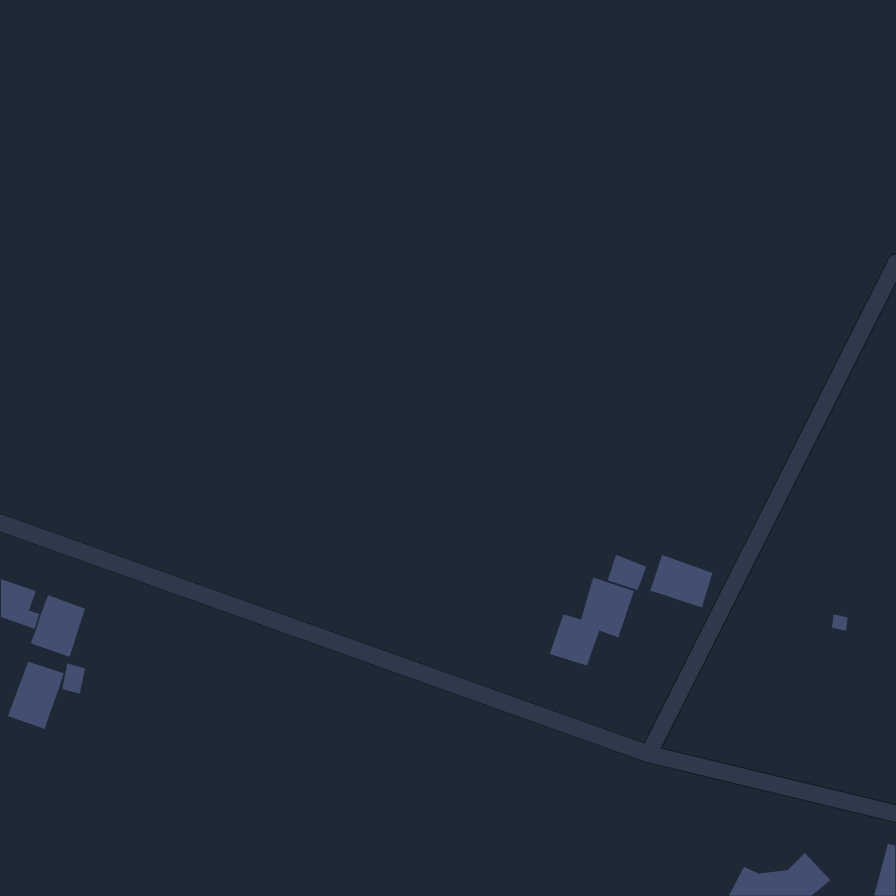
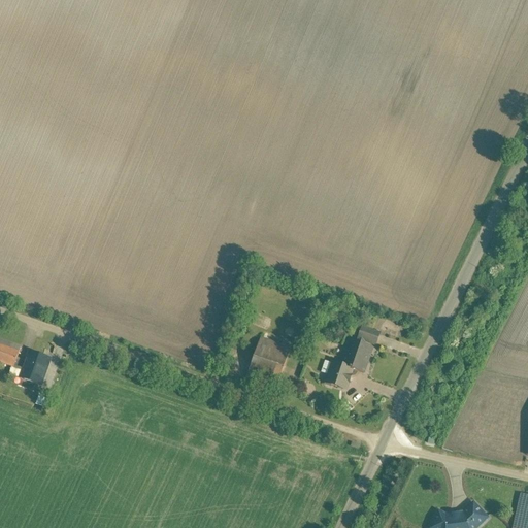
building: [650,554,713,608] -> none
building: none -> [244,337,291,392]
building: [7,661,65,730] -> none

